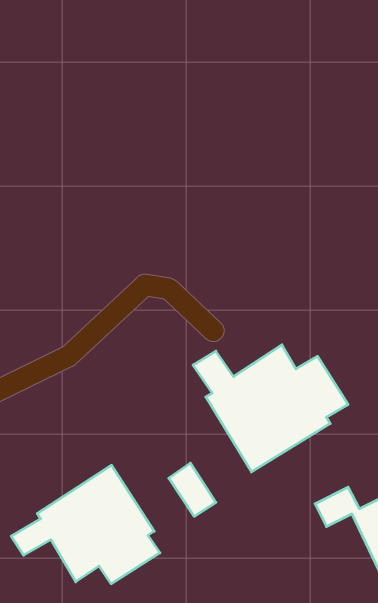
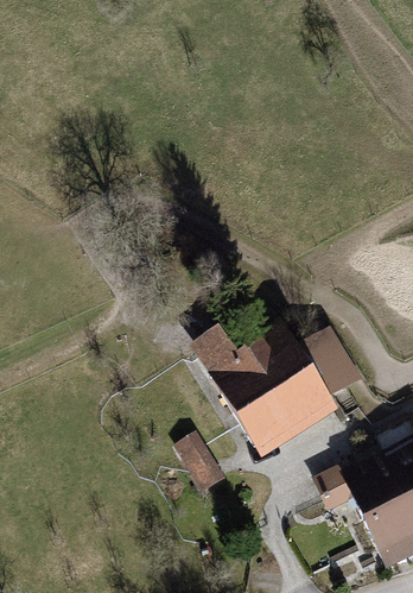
building: [11,465,160,584] -> none

